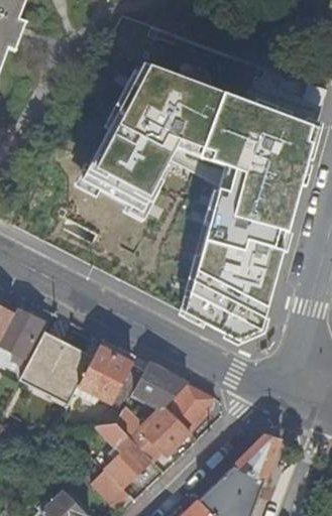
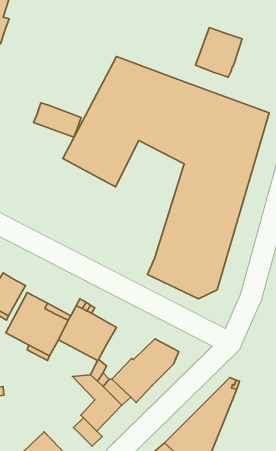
building: none -> [195,28,242,77]
building: none -> [34,103,81,137]
building: [133,362,188,406] -> none

